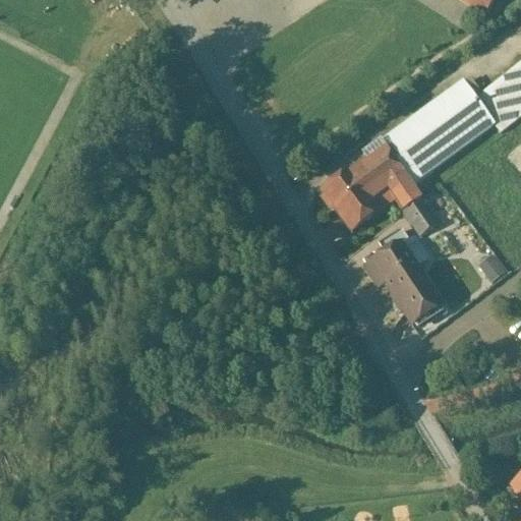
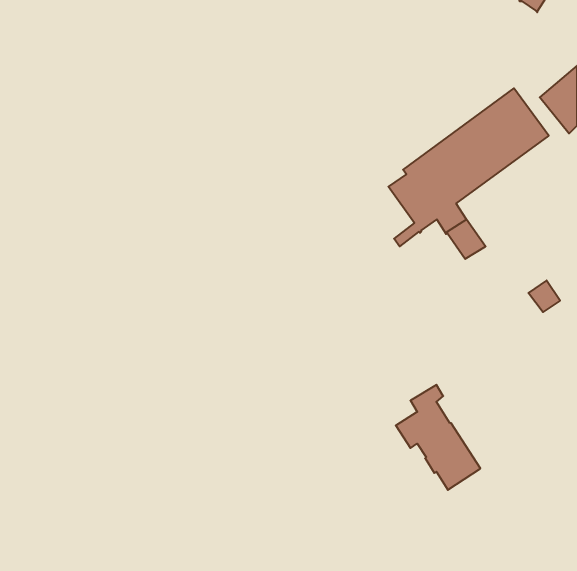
building: [324,168,373,221] -> none
building: [365,228,442,323] -> [396,385,480,490]

